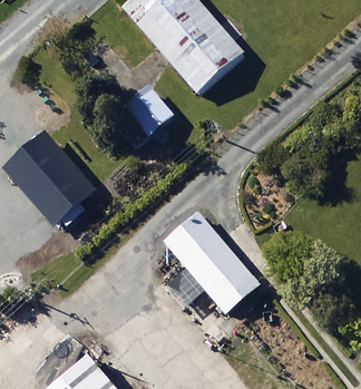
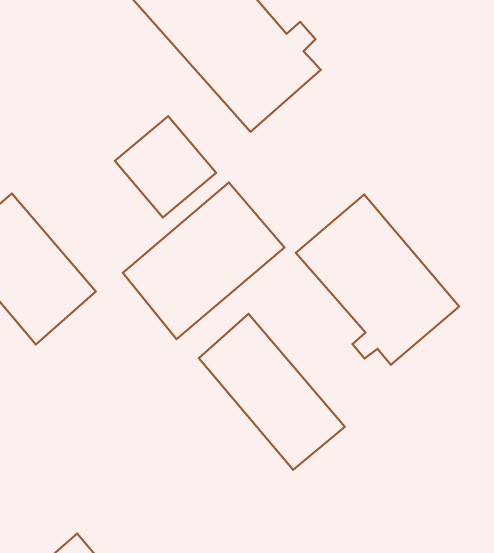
building: none -> [123,183,285,339]
building: none -> [296,195,459,365]

